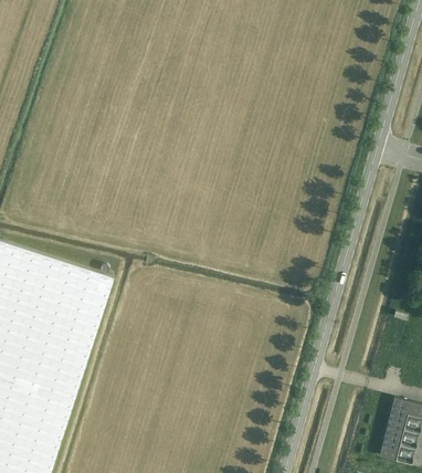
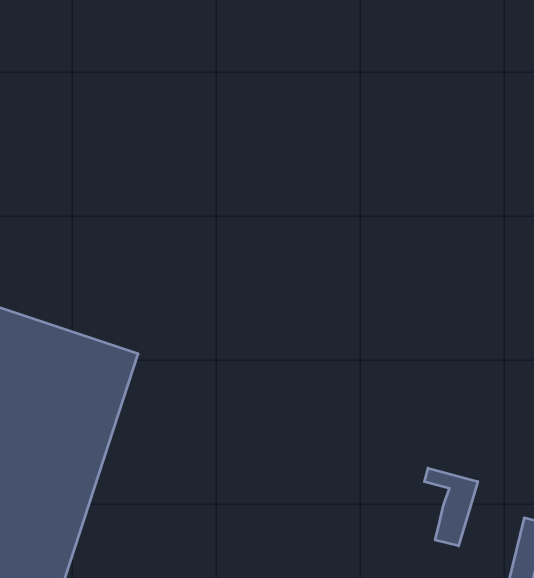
building: none -> [424,468,478,546]

